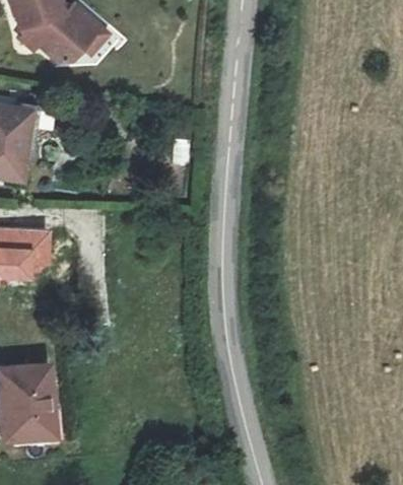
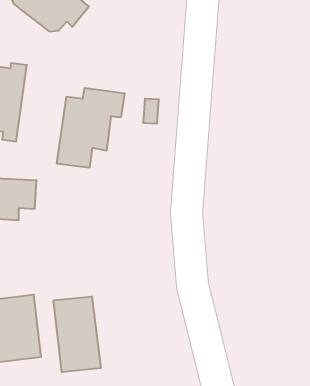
building: none -> [57,88,124,168]
building: none -> [54,296,101,372]

